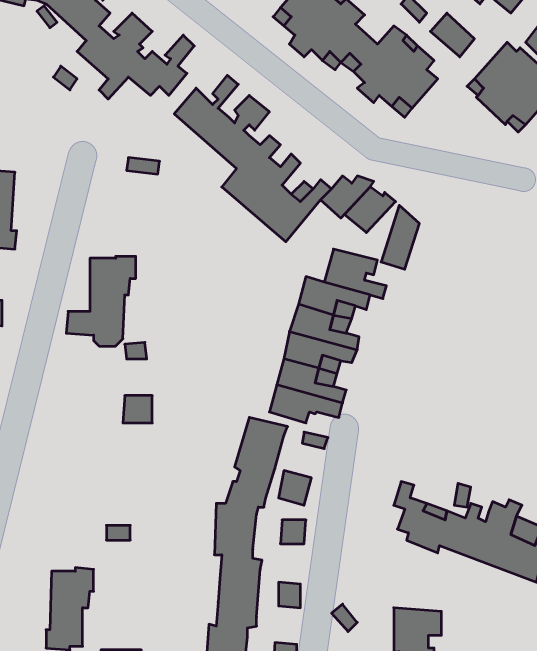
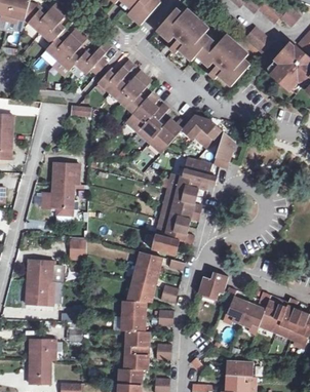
building: none -> [25,260,53,304]
building: none -> [198,274,226,300]

